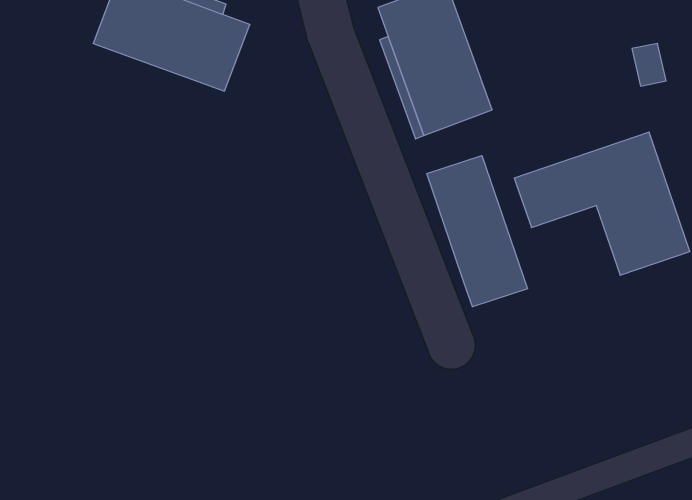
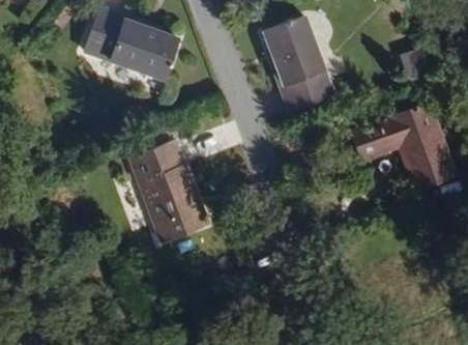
building: [427,156,527,307] -> none
building: none -> [133,137,209,238]

